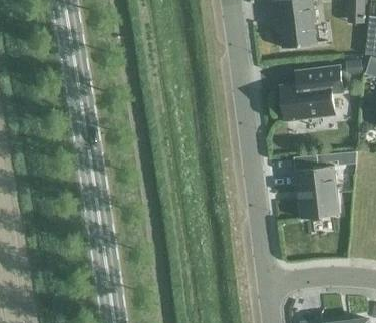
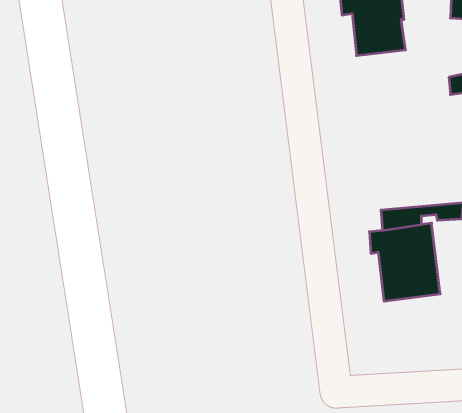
building: [280,66,342,121] -> none

